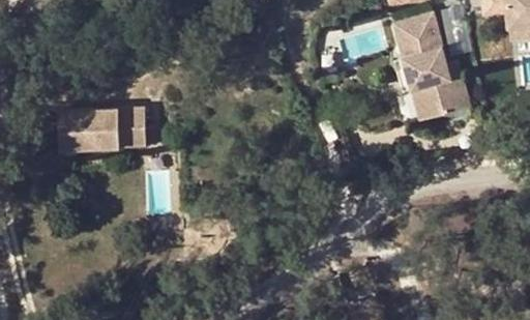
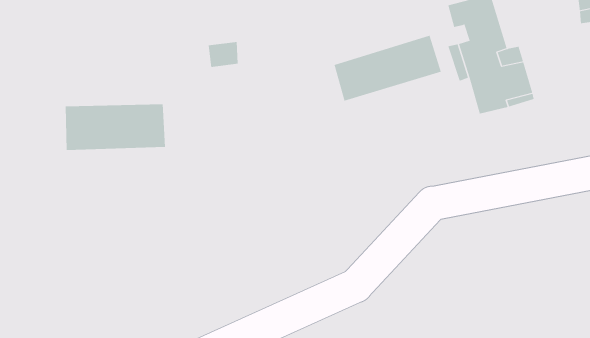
building: none -> [334,35,441,101]

